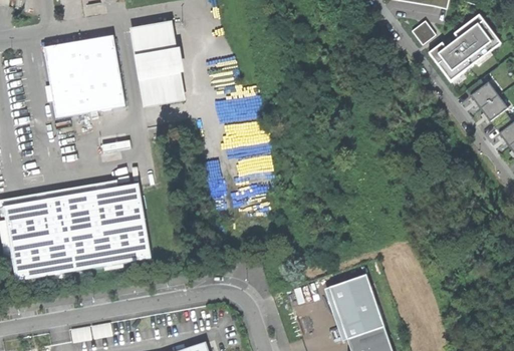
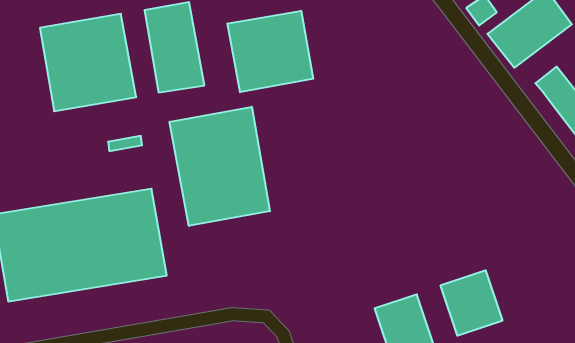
building: none -> [227,11,313,92]
building: none -> [170,107,270,226]
building: none -> [441,270,502,336]

